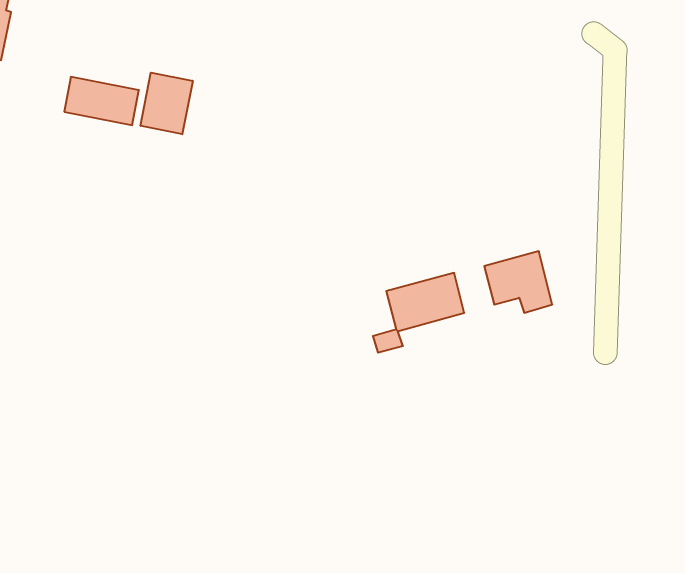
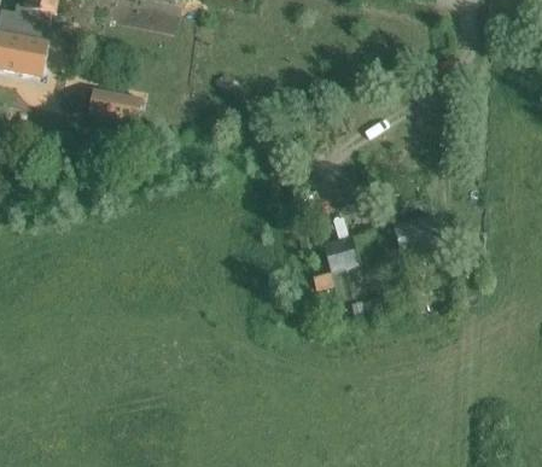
building: [141,73,193,134] -> none

